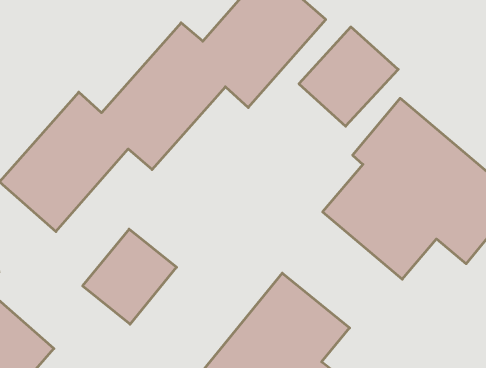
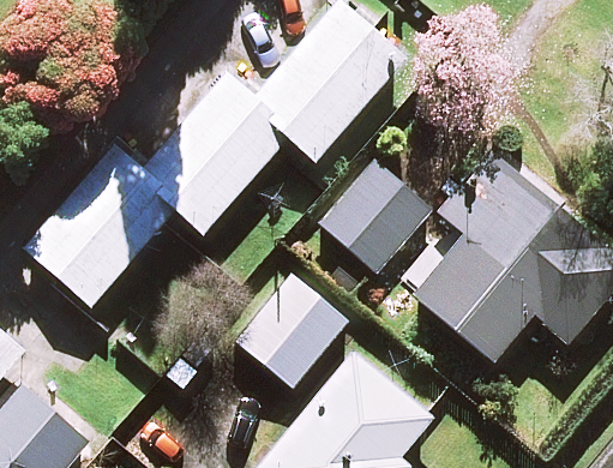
building: [299,27,398,126] -> [320,155,435,270]
building: [83,229,177,324] -> [238,276,347,386]

